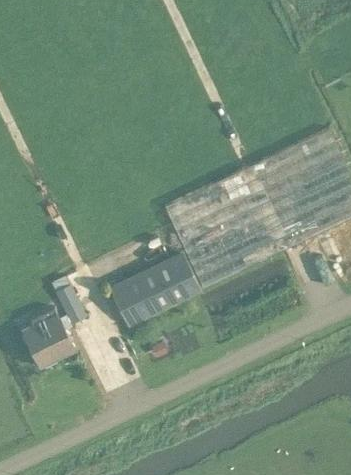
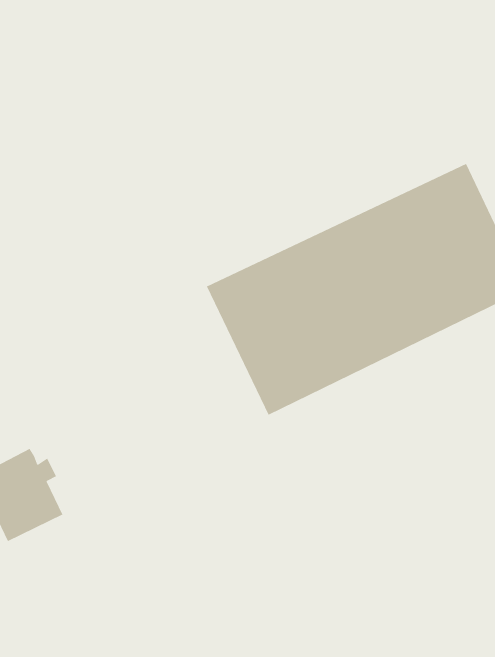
building: [108,253,200,325] -> none
building: [51,280,80,315] -> none

